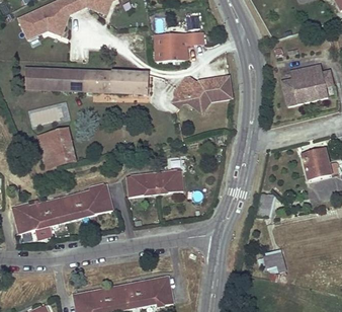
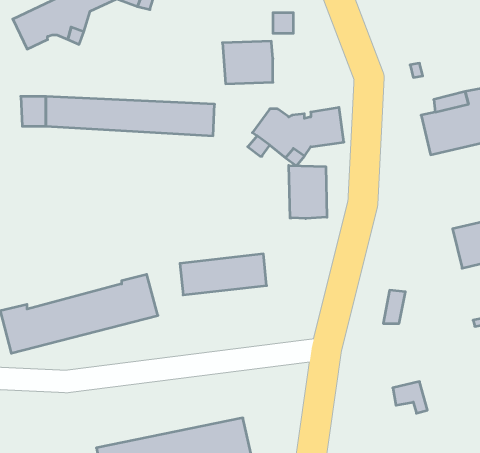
building: none -> [289,165,327,219]
building: [38,129,76,168] -> none

